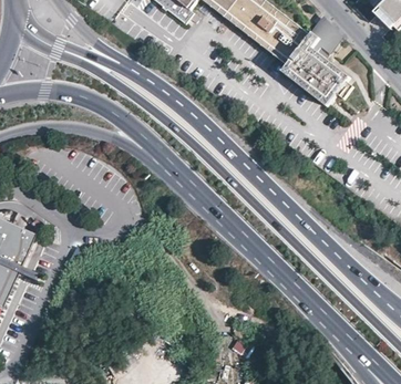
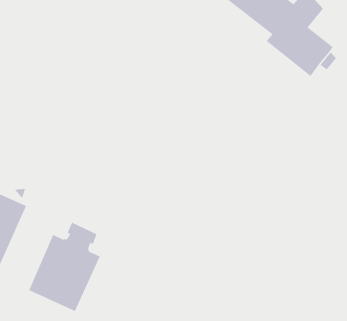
building: none -> [29,222,100,312]

